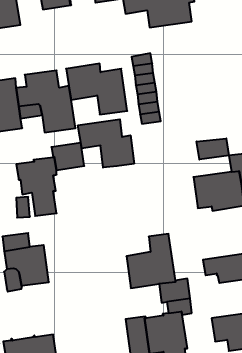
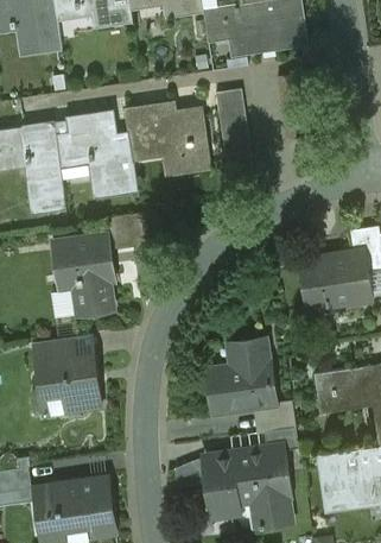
building: [78,119,134,168] -> none
building: [197,138,229,160] -> none

